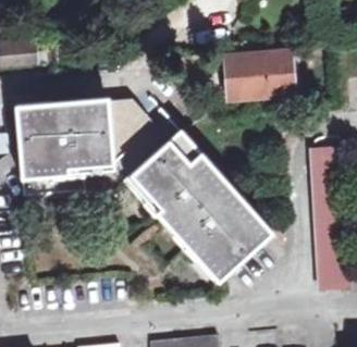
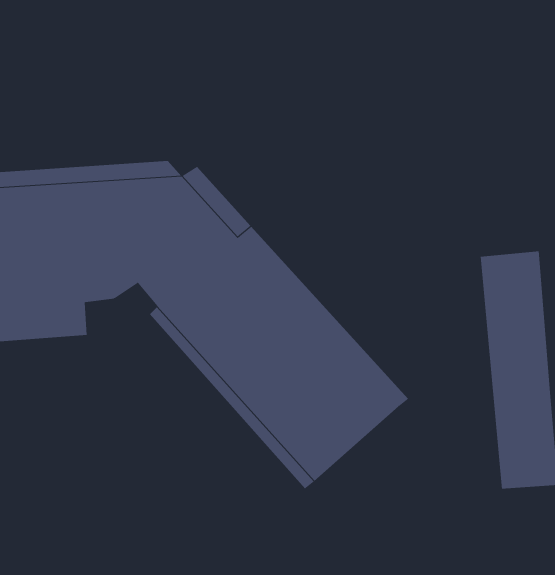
building: [225,51,288,96] -> none

